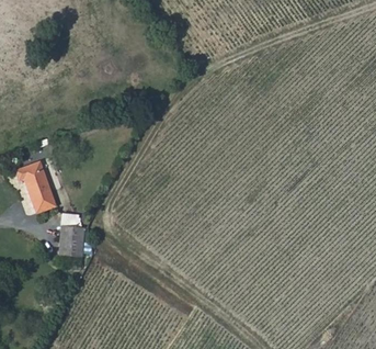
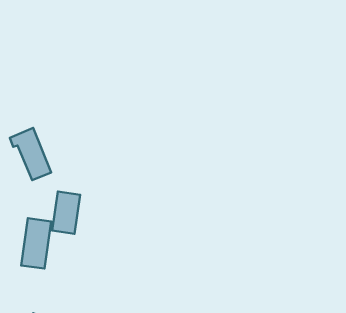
building: none -> [21,218,51,268]

